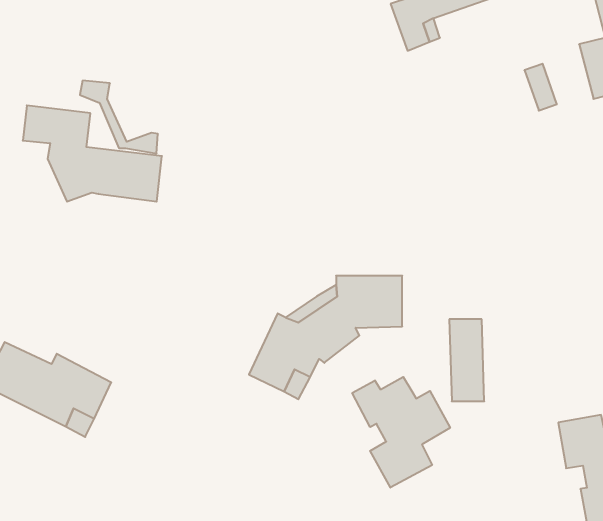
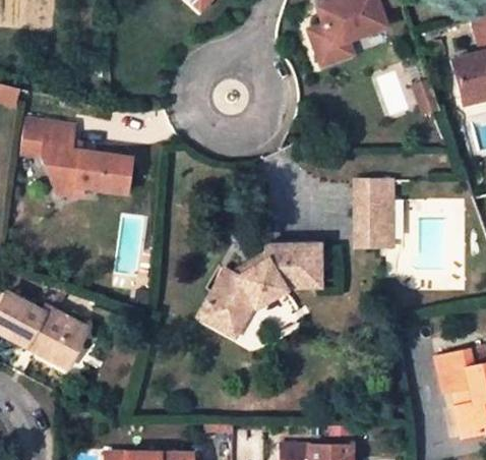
building: [80,81,158,153] -> [19,137,80,194]
building: [449,319,484,401] -> [354,181,381,245]
building: [352,377,450,488] -> none

